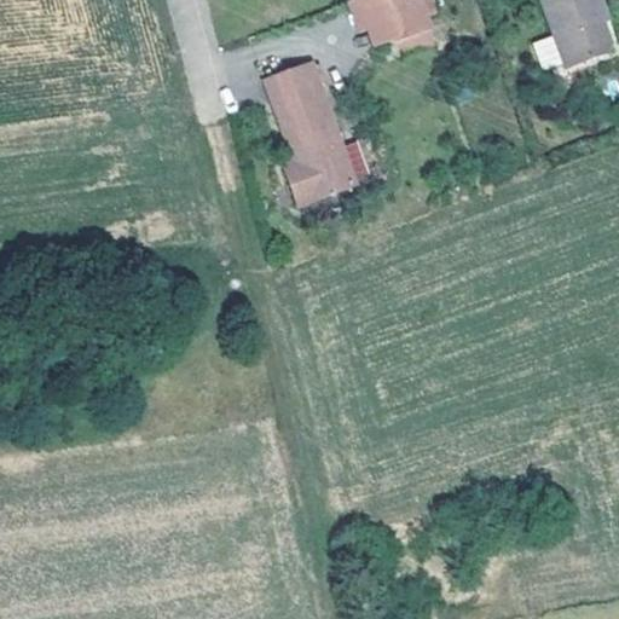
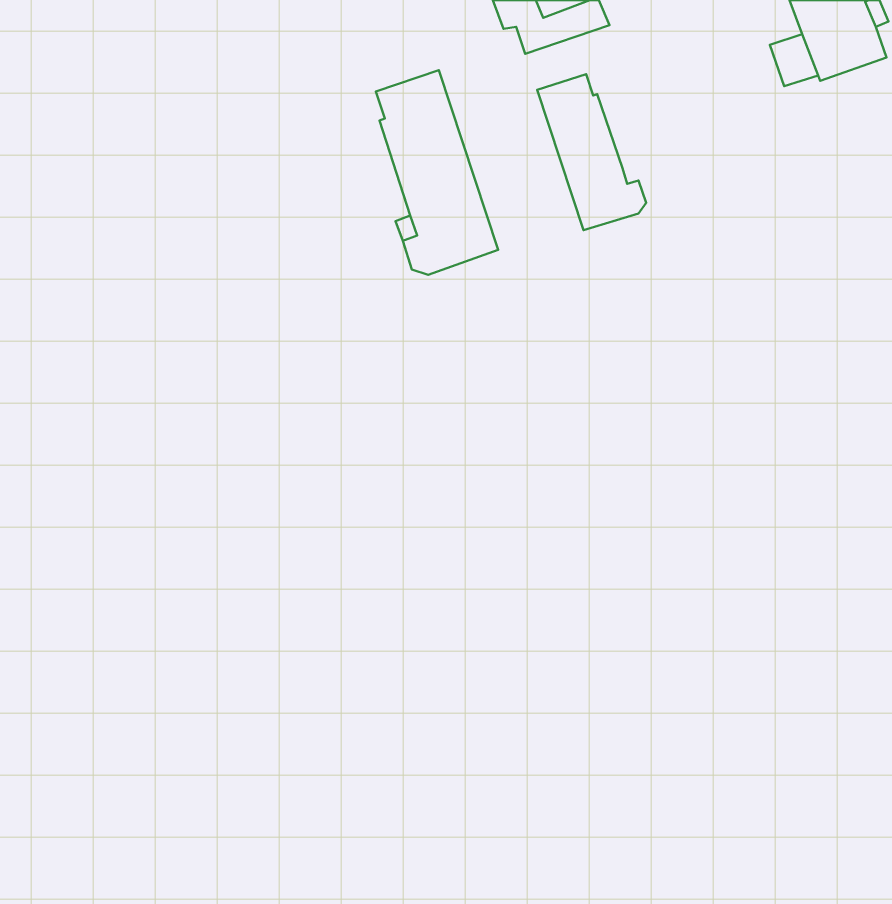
building: none -> [537,74,646,230]

